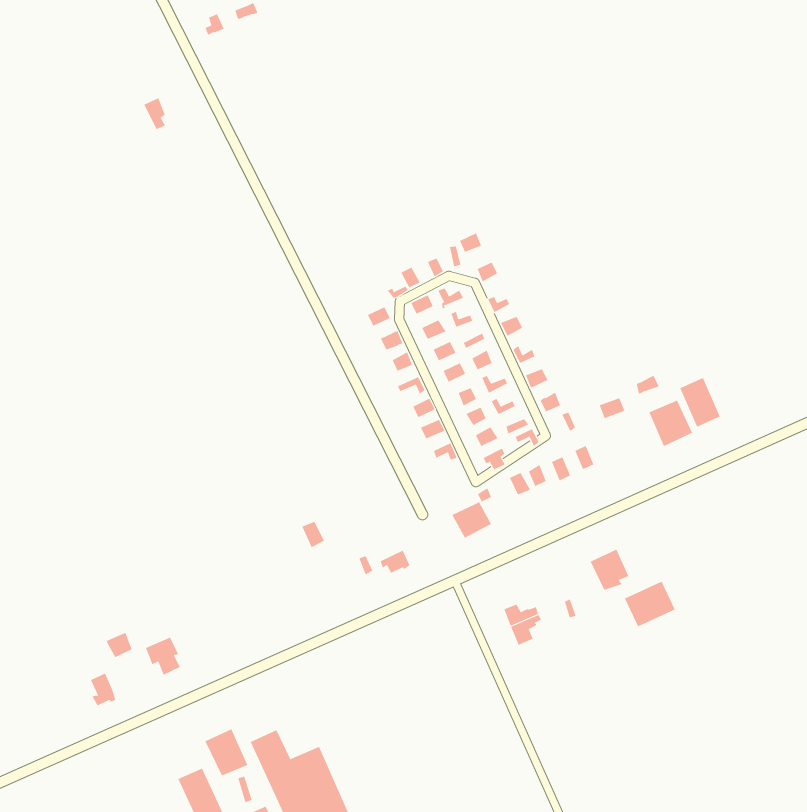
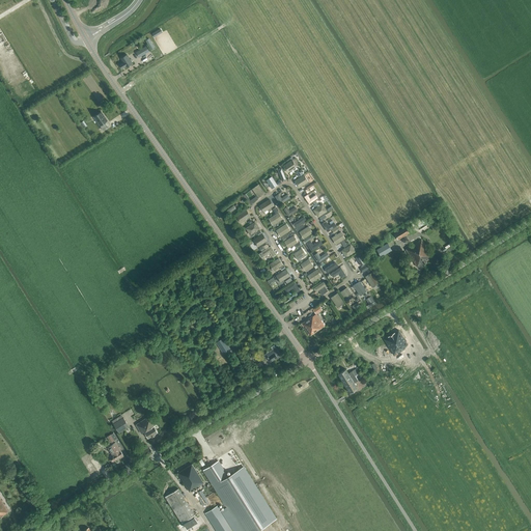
building: [680,377,720,428] -> none
building: [624,581,676,627] -> none

